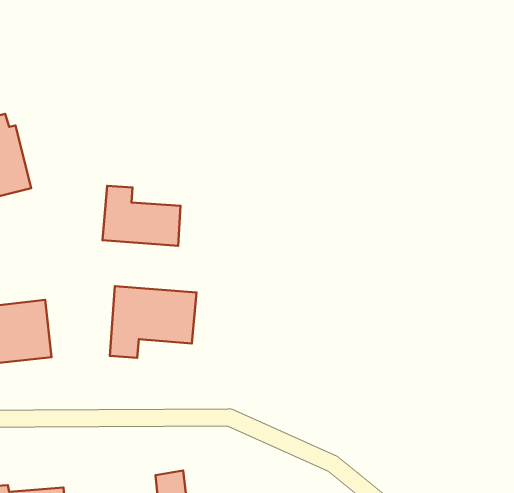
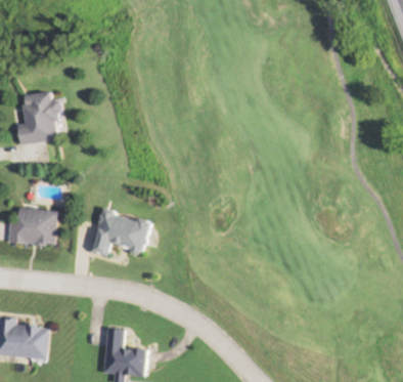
building: [103,186,181,246] -> none

